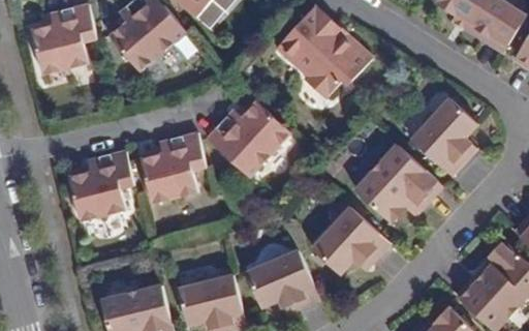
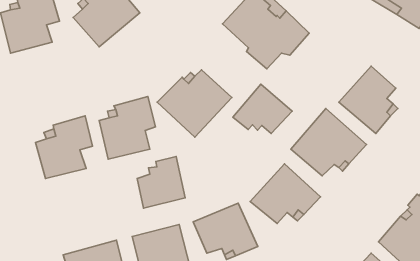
building: none -> [233,84,292,134]
building: none -> [137,156,185,208]

